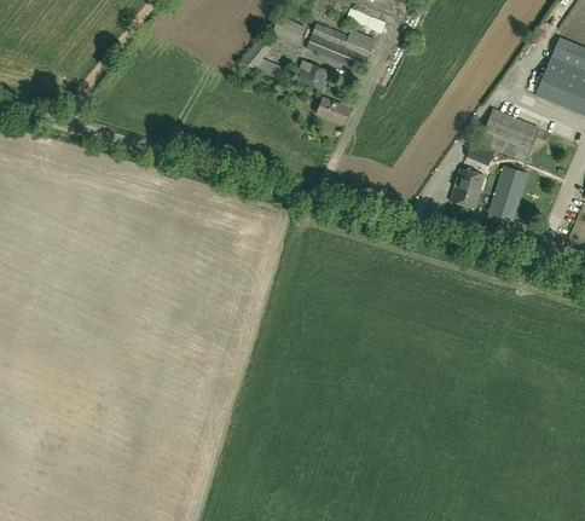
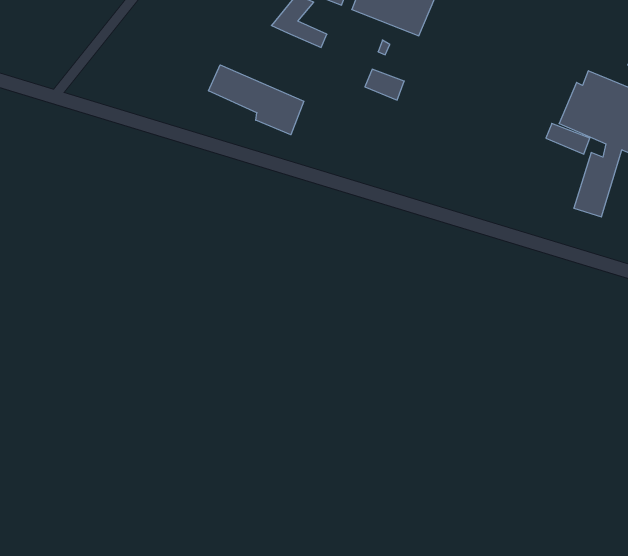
building: [294,60,326,91] -> none
building: none -> [209,65,304,135]
building: [446,167,481,207] -> none

